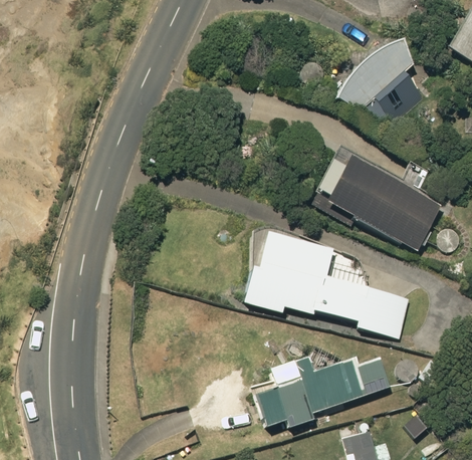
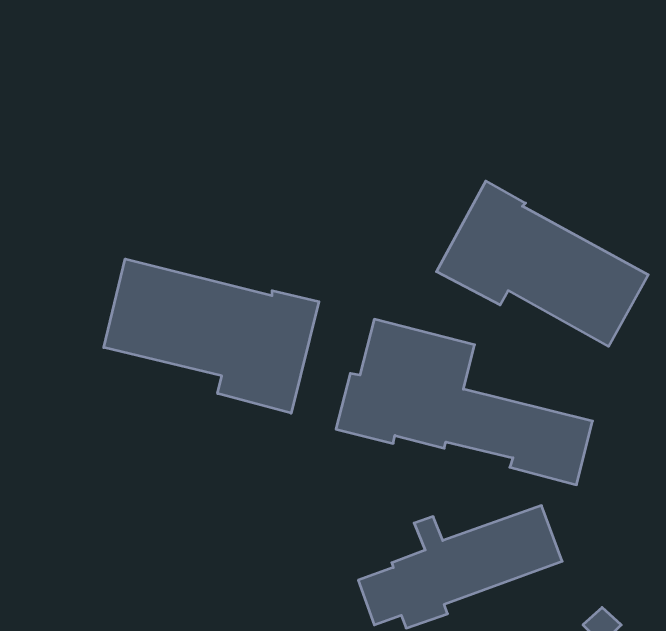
building: [340,40,418,123] -> none
building: none -> [104,259,319,413]

